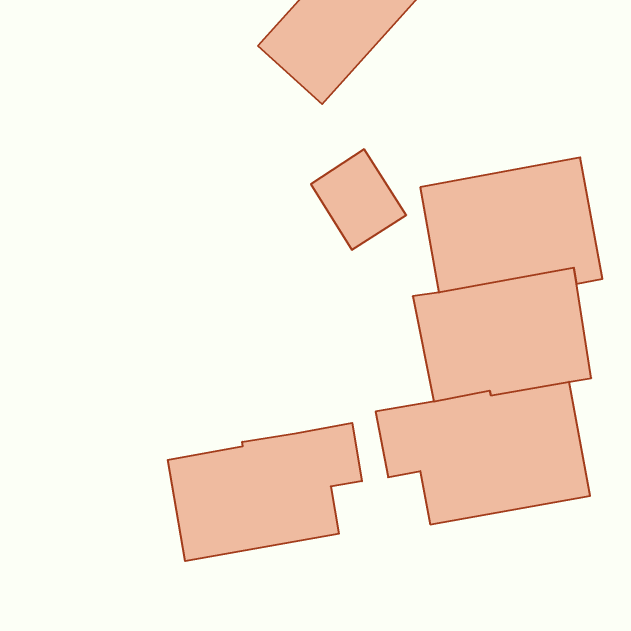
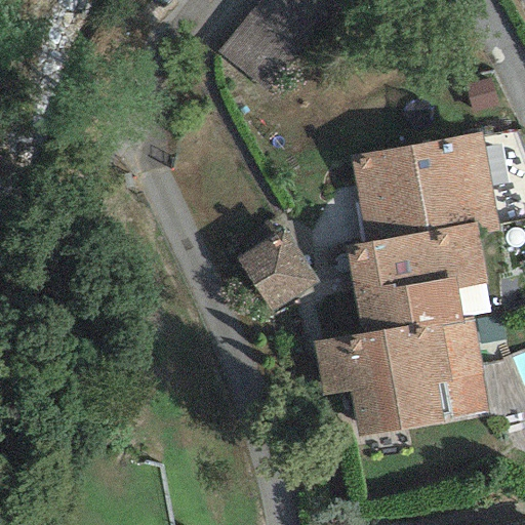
building: [311,149,406,250] -> [238,228,317,311]
building: [168,423,362,561] -> none

